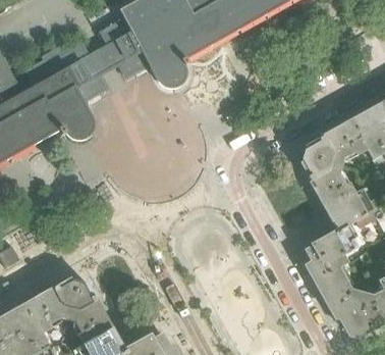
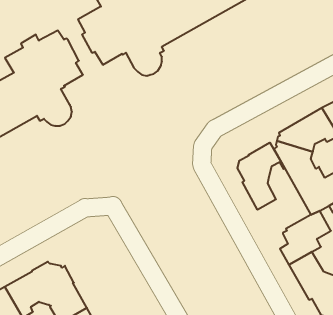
building: none -> [237,143,285,210]

